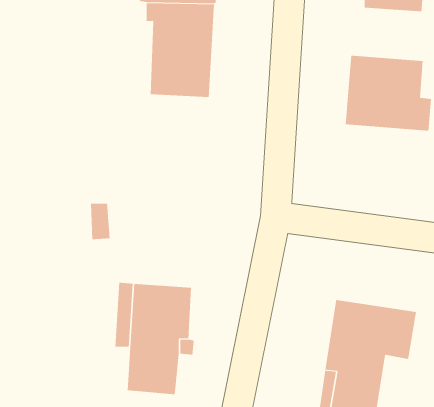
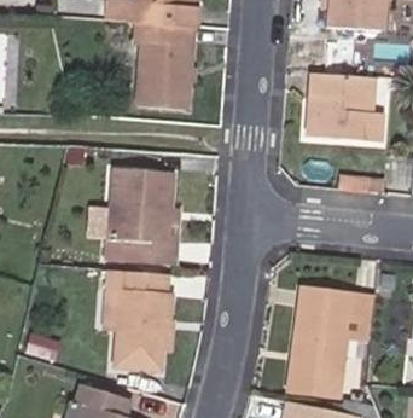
building: none -> [111,174,181,263]

